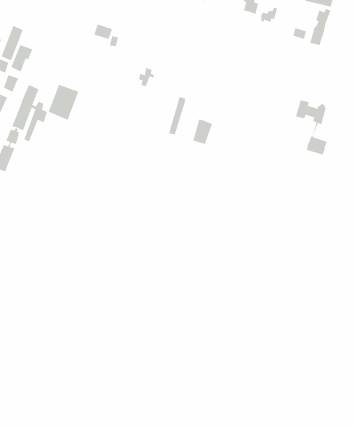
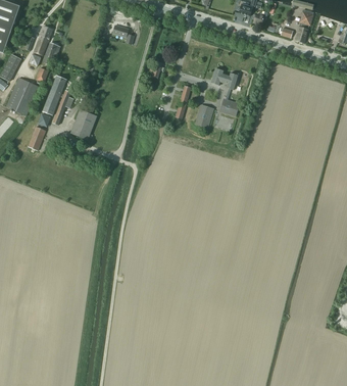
building: [48,84,79,120] -> [69,109,96,140]
building: [295,100,328,155] -> [210,68,238,115]

